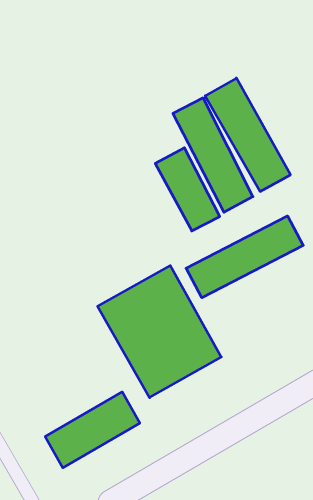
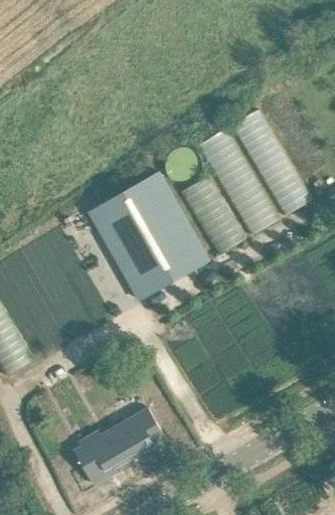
building: [186,216,303,298] -> none
building: [98,266,221,398] -> [90,172,209,300]

